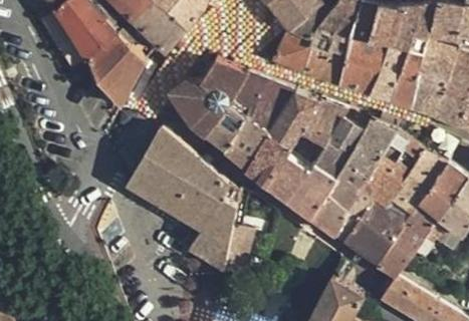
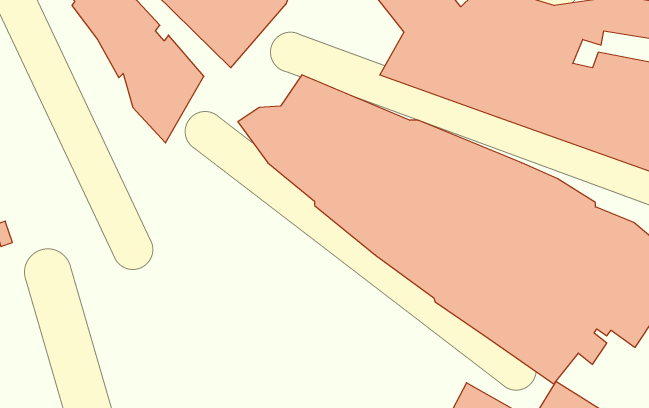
building: [129,130,252,280] -> none

